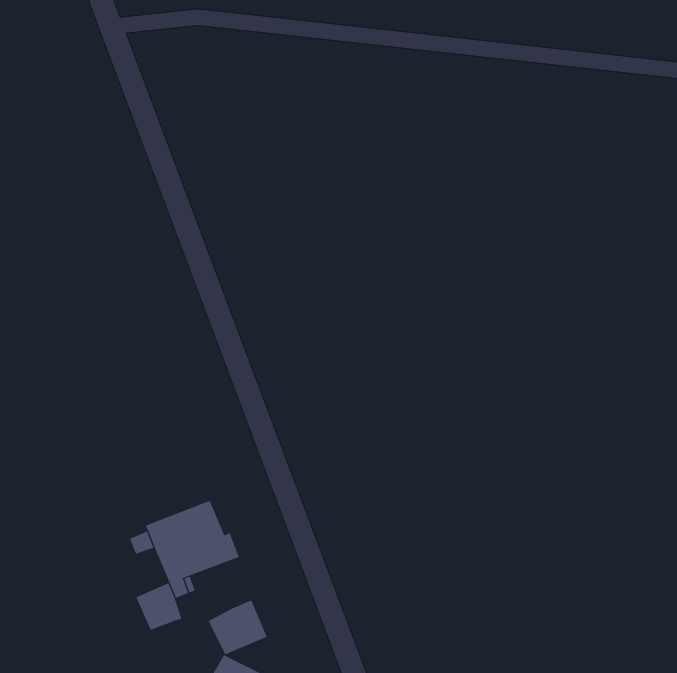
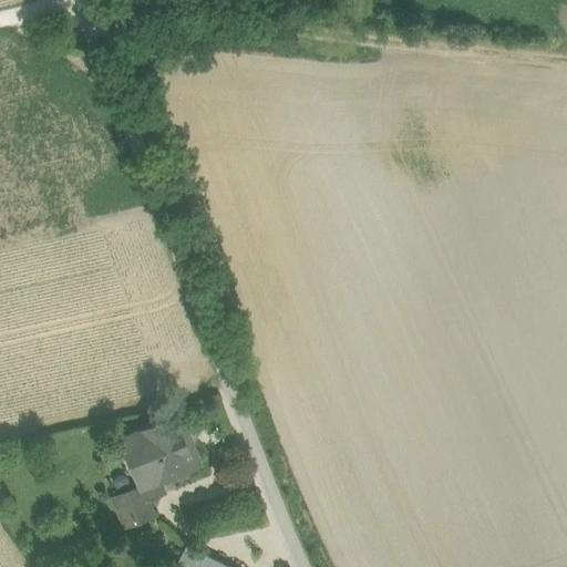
building: [208,599,268,655] -> none

